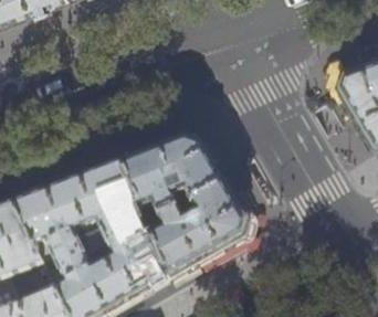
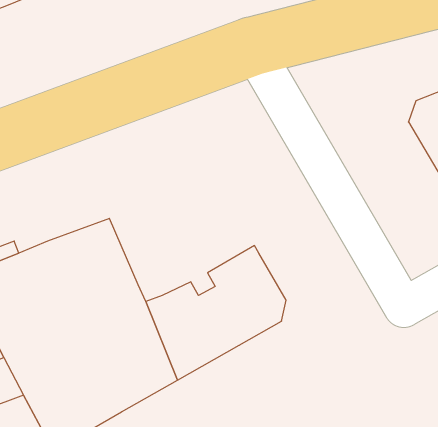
building: [118,134,224,216] -> none

